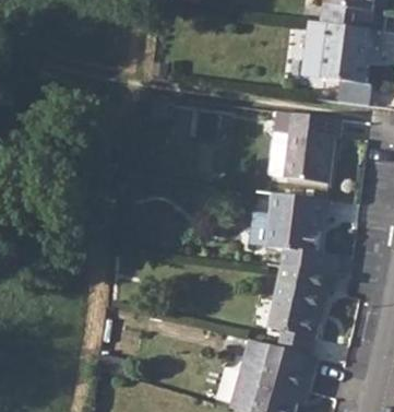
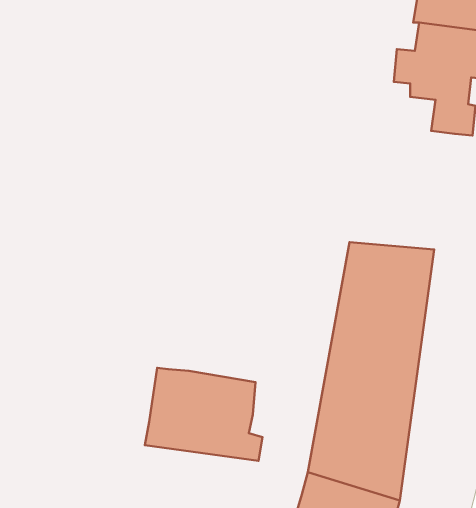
building: [270,111,341,184] -> none
building: none -> [145,368,263,461]

